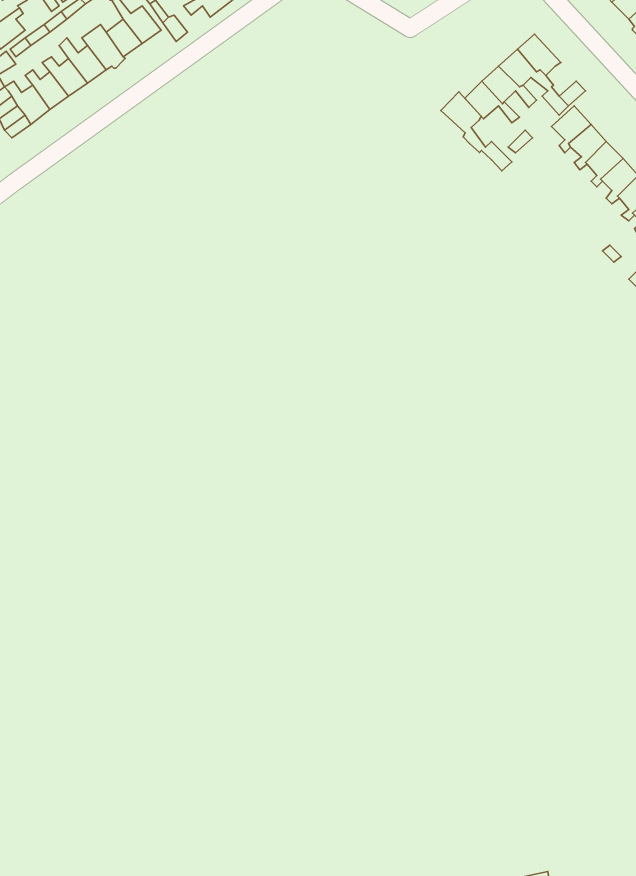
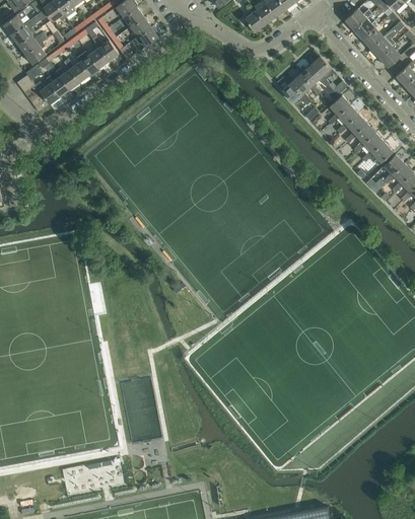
building: [441,92,512,171] -> none

